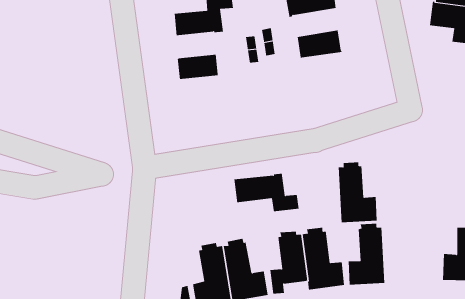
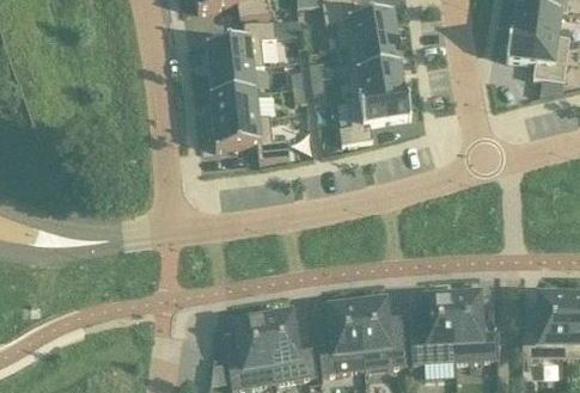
building: none -> [346,39,402,73]
building: none -> [208,67,256,98]
building: none -> [338,88,410,145]
building: [338,162,378,223] -> [451,290,497,362]
building: [234,173,300,212] -> [212,116,289,161]

